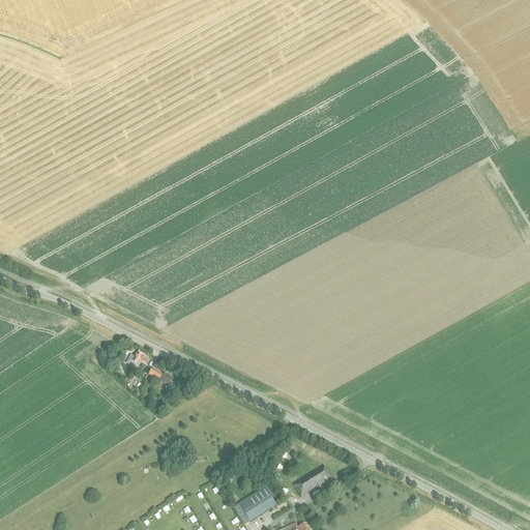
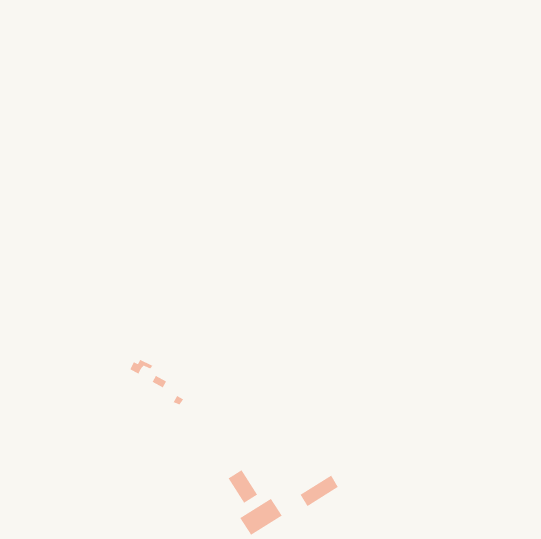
building: none -> [227,469,258,504]

